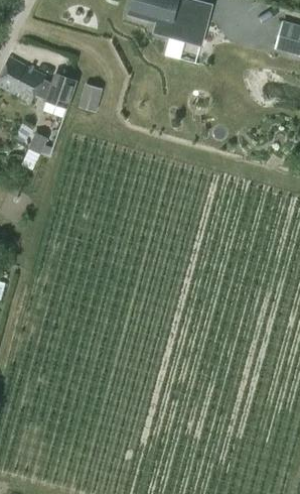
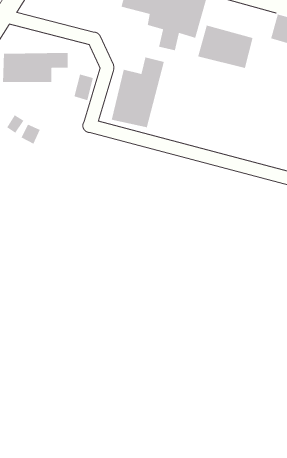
building: none -> [197,25,254,69]
building: none -> [111,56,165,128]

